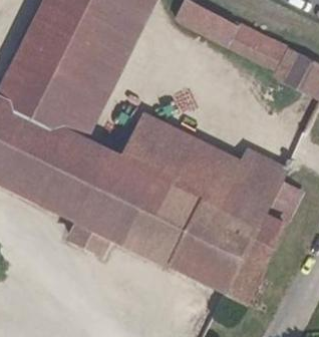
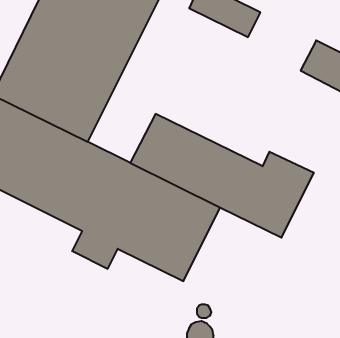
building: [228,24,284,68] -> none
building: [170,183,301,303] -> none

